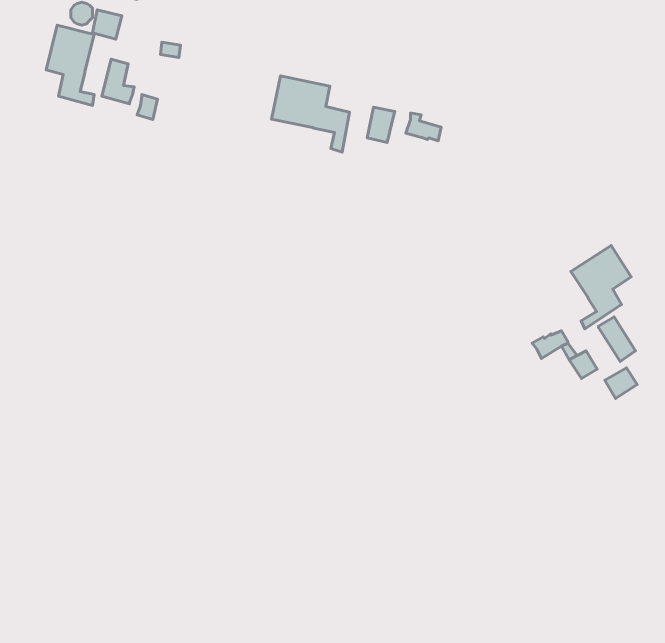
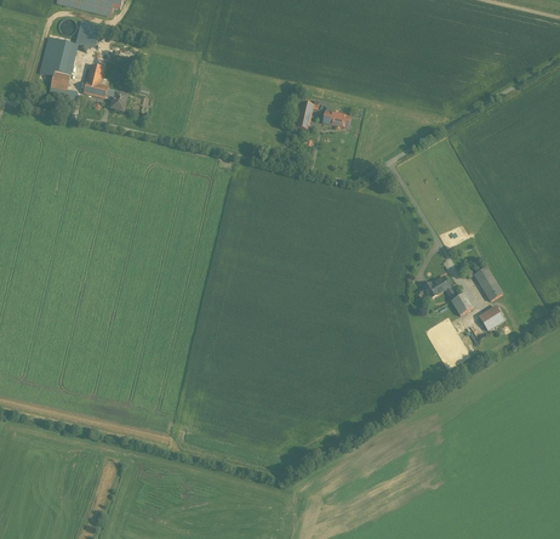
building: [271,76,350,152] -> none
building: [571,246,631,329] -> none

